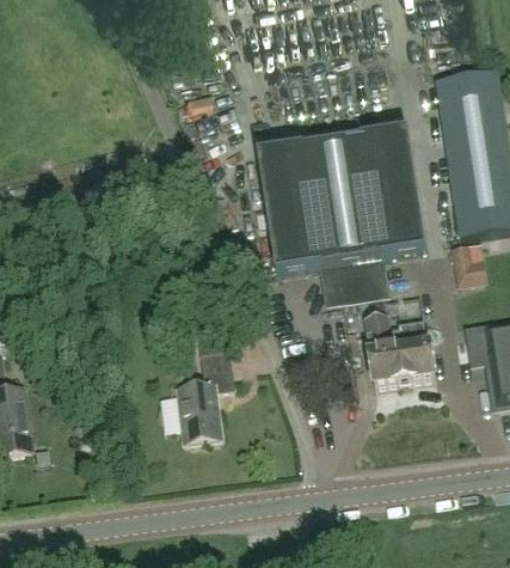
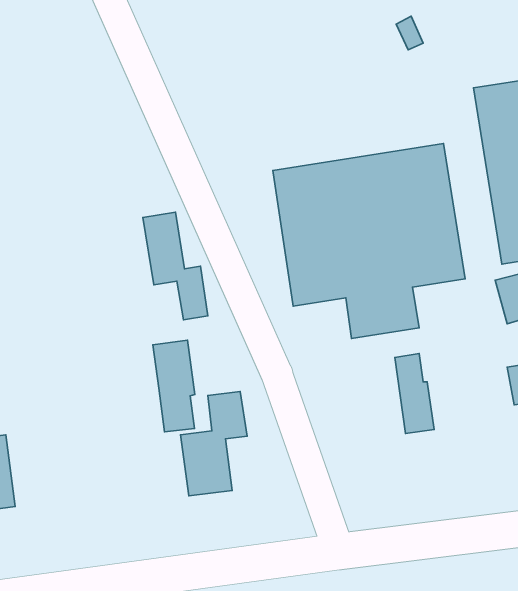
building: none -> [143,212,208,320]
building: none -> [153,340,195,432]
building: [392,318,434,380] -> none

